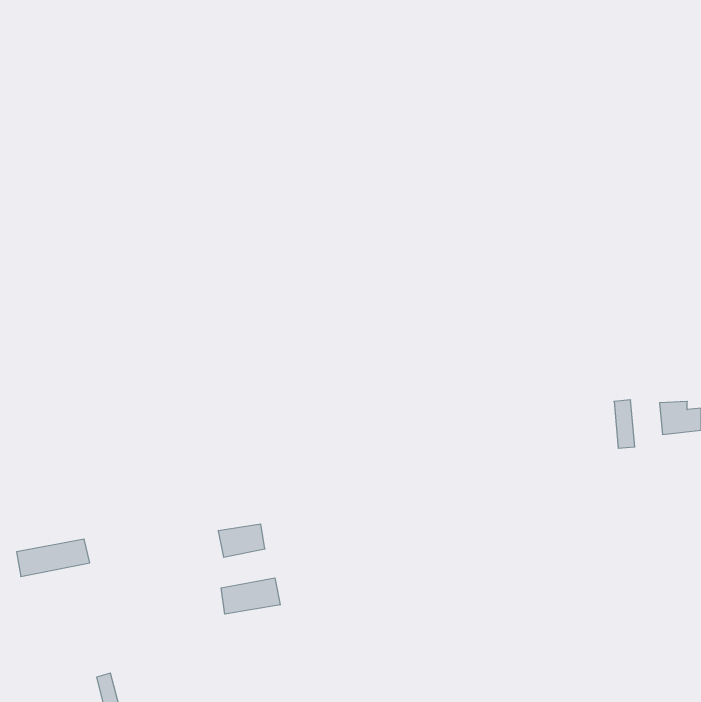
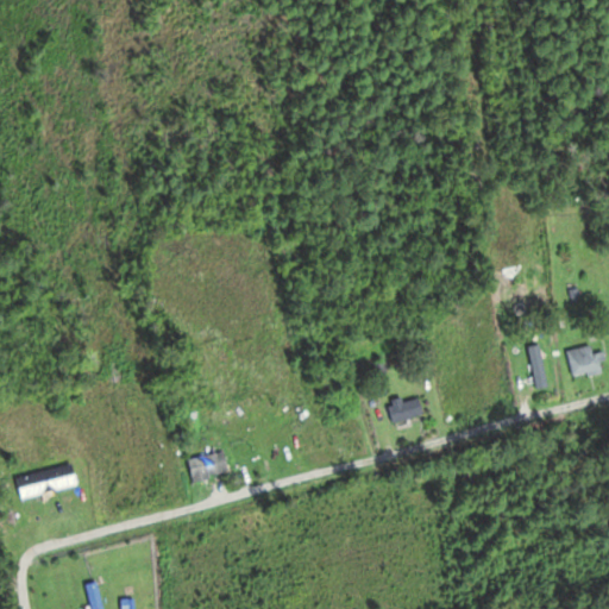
building: none -> [387,400,423,425]
building: [221,578,280,614] -> none

